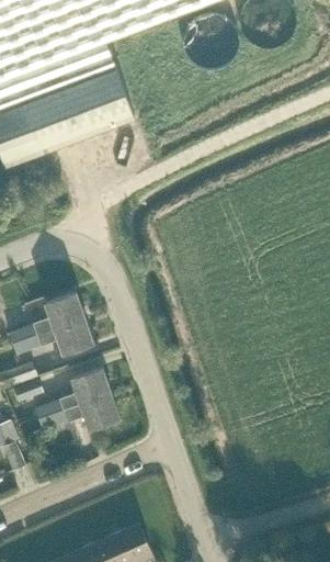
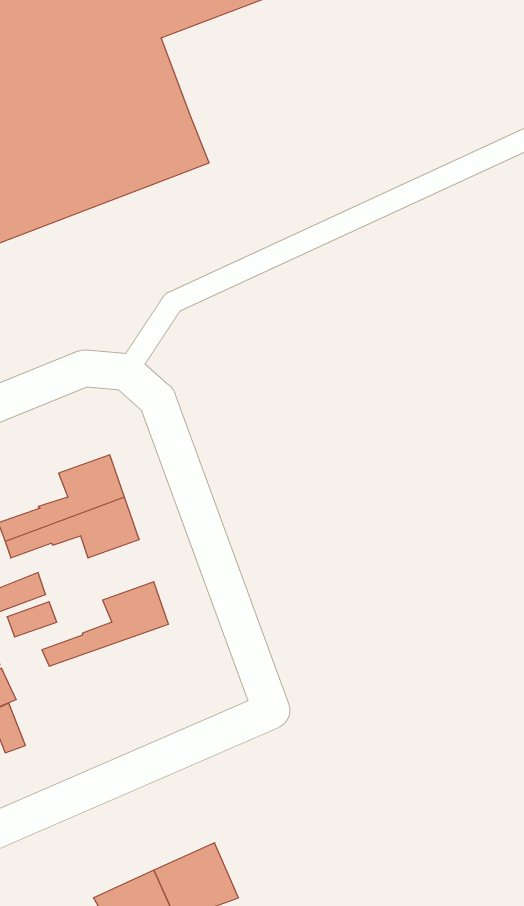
building: [37,392,117,428] -> none

